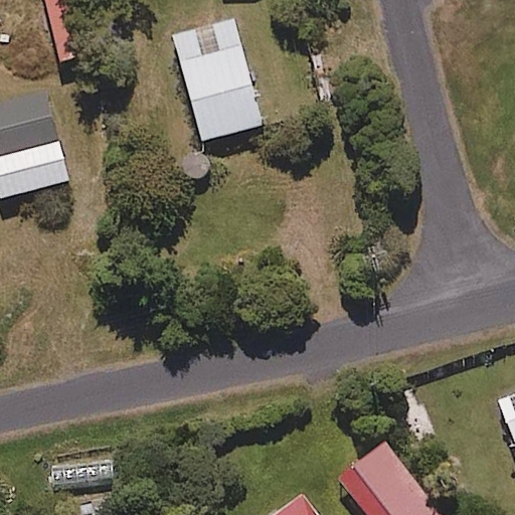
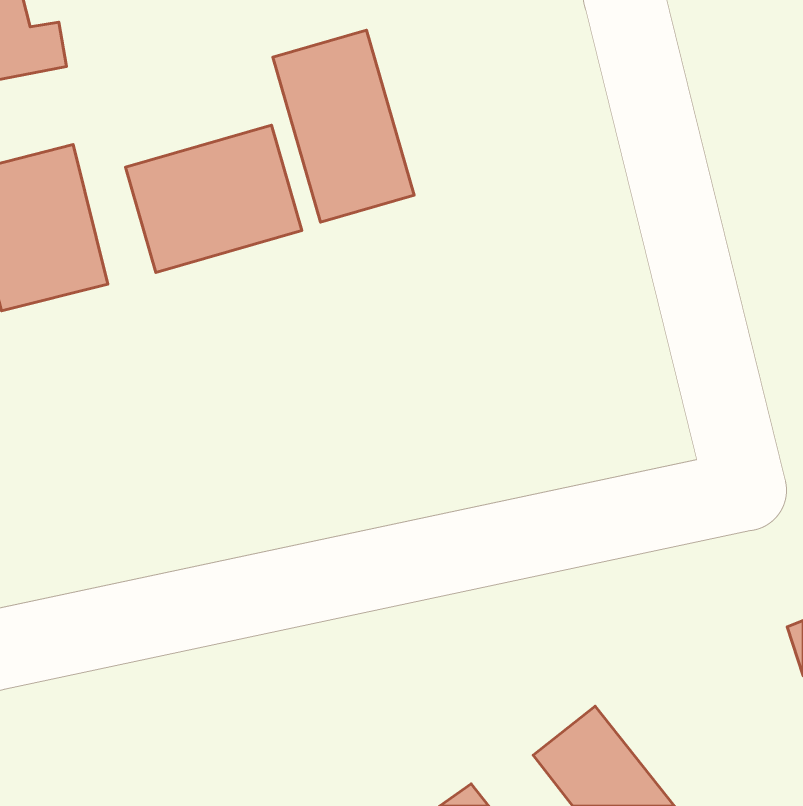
building: none -> [126,125,302,272]

